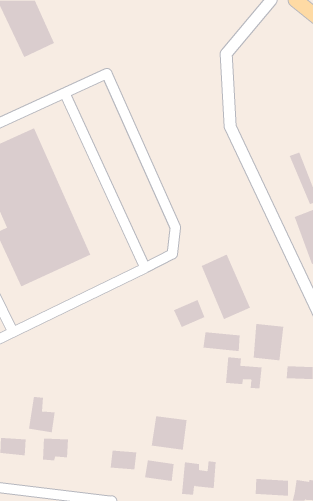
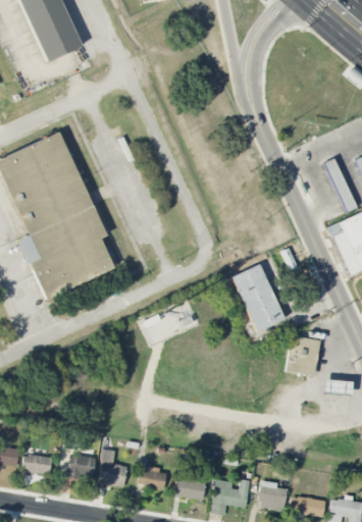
building: [173,299,205,328] -> none
building: [203,331,240,352] -> none
building: [225,356,262,389] -> none
building: [28,396,56,433] -> [98,450,126,487]
building: [151,415,187,451] -> none
building: none -> [259,481,287,510]

